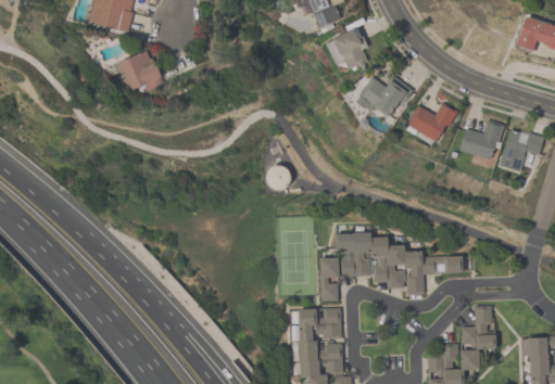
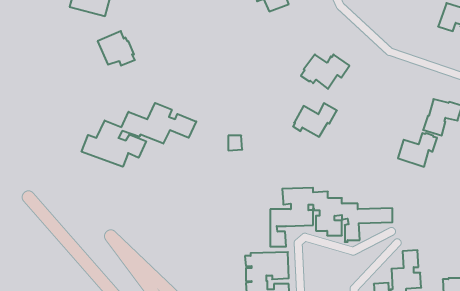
building: [326,27,368,69] -> none
building: [406,102,457,141] -> [293,103,337,137]
building: [459,120,505,159] -> [398,133,437,167]
building: none -> [82,103,196,167]

